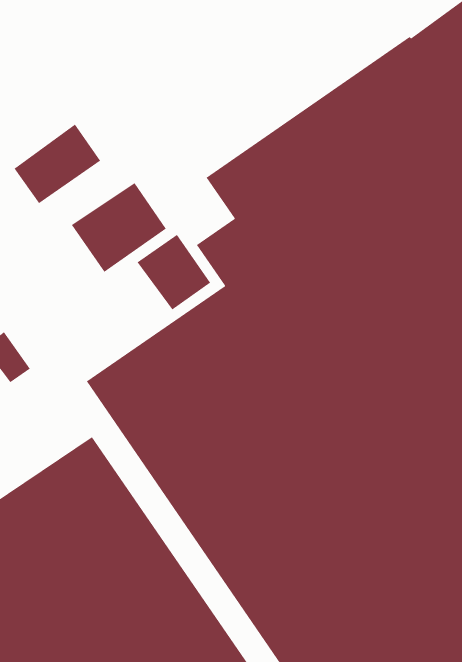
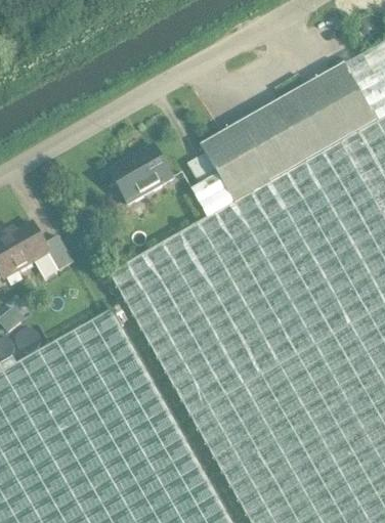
building: [13,123,101,204] -> none
building: [137,234,211,311] -> none

